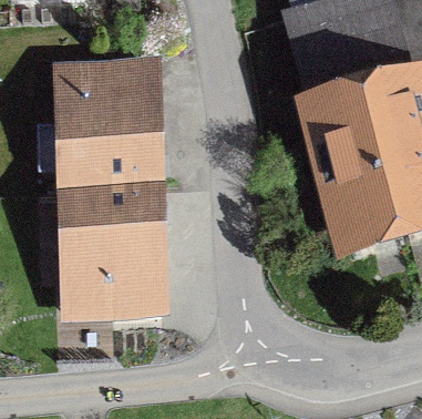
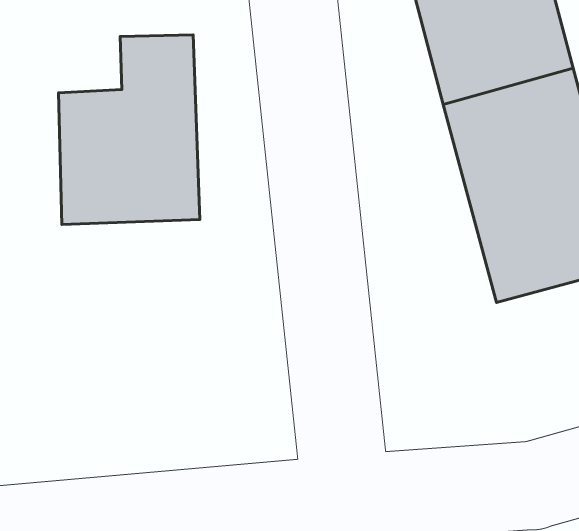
building: [64,188,161,314] -> none

